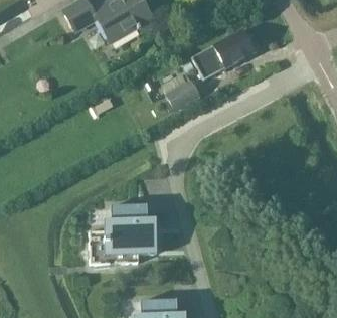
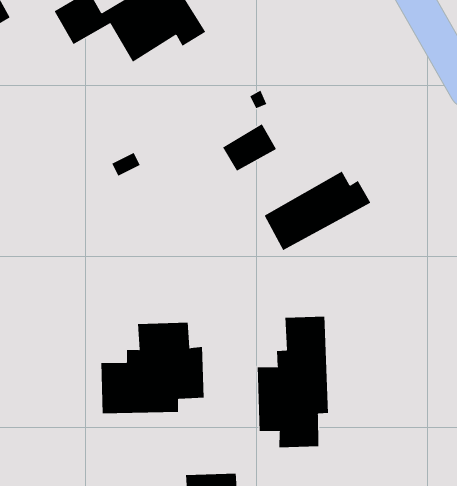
building: [193,28,261,78] -> [264,171,371,251]
building: none -> [257,316,328,448]

